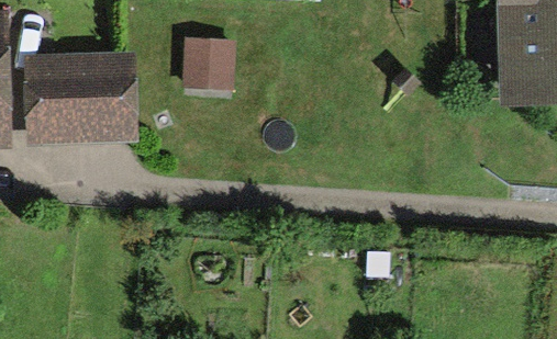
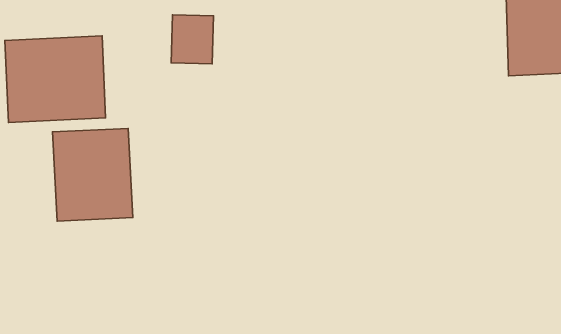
building: none -> [53,128,133,221]

